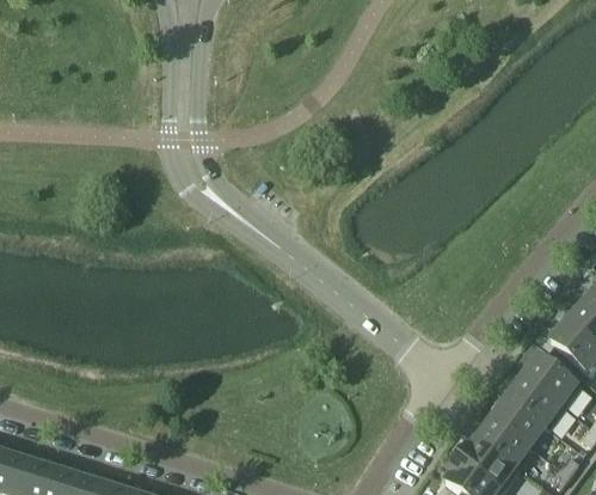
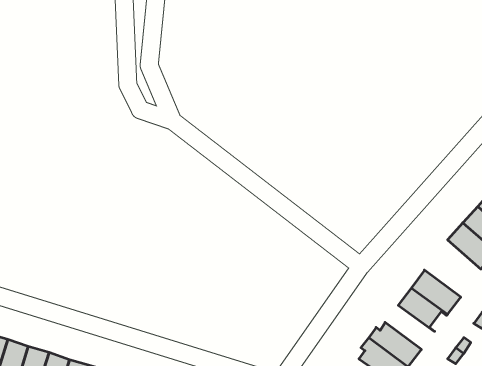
building: [522,350,580,404] -> none
building: [475,414,534,466] -> none

